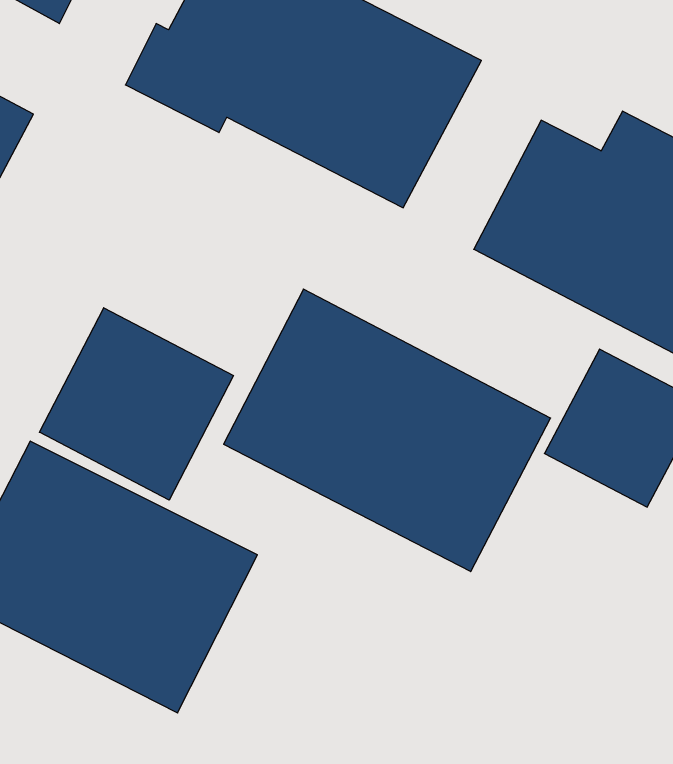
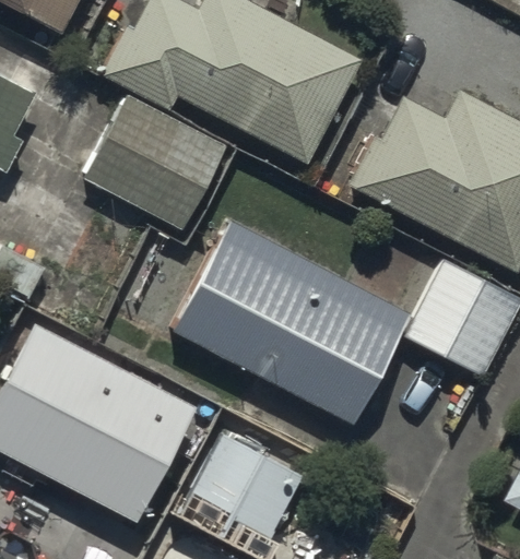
building: none -> [82,95,222,226]
building: [39,308,233,500] -> none
building: none -> [182,437,297,551]

